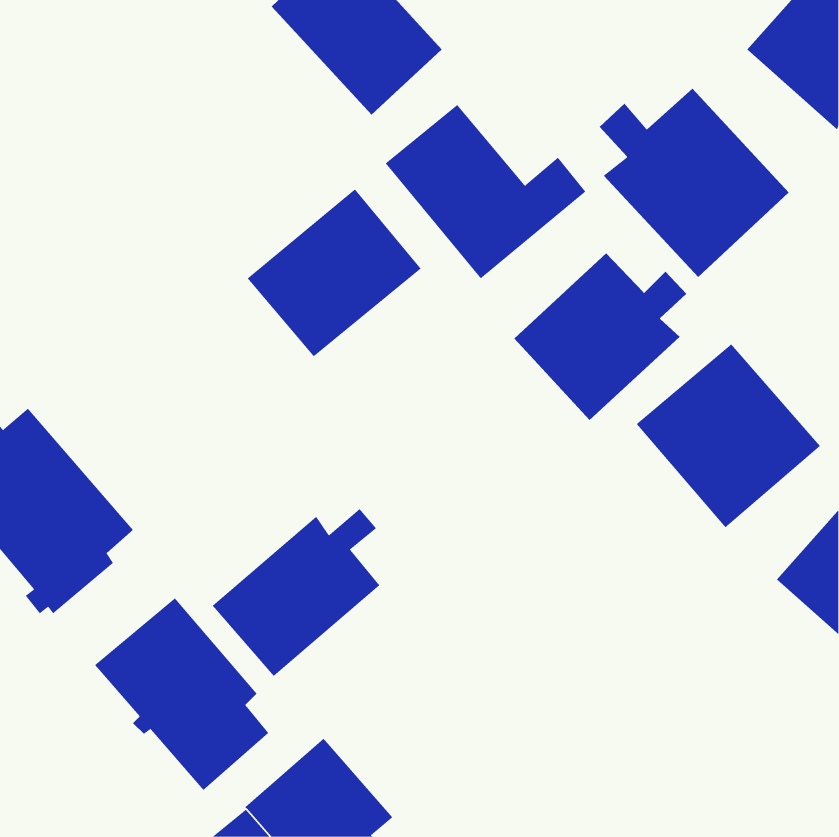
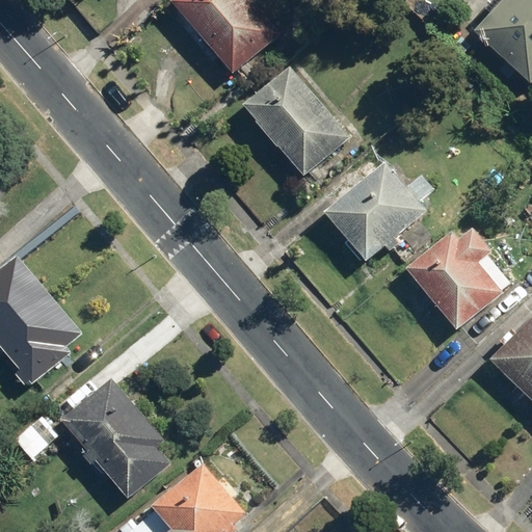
building: [599,88,789,278] -> none
building: [247,189,421,357] -> none
building: [212,508,380,677] -> none

